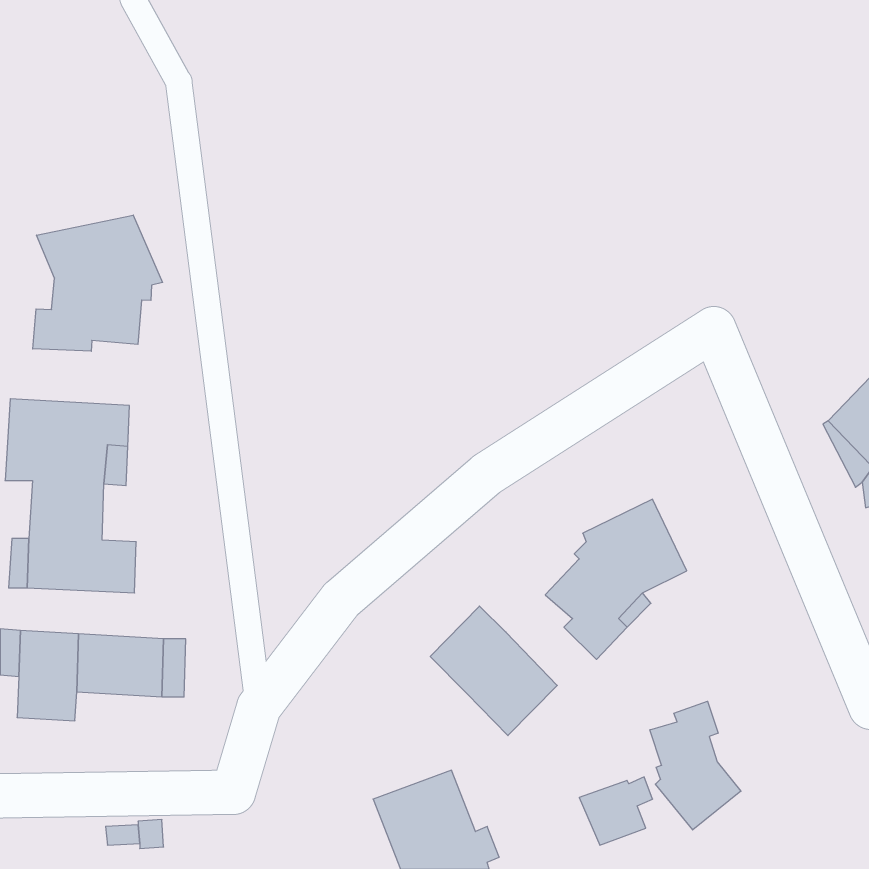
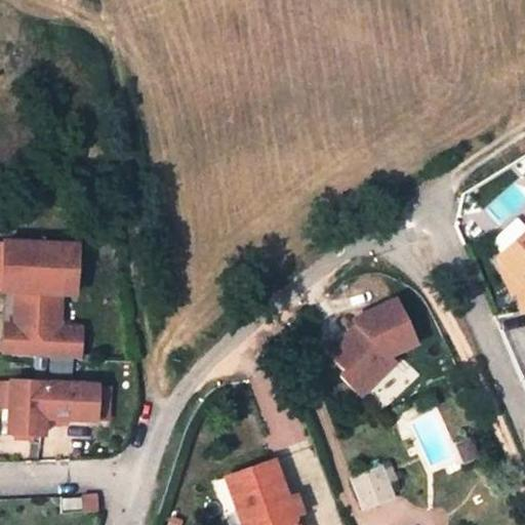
building: [33,215,163,351] -> none
building: [430,606,557,736] -> none
building: [650,701,741,830] -> none

